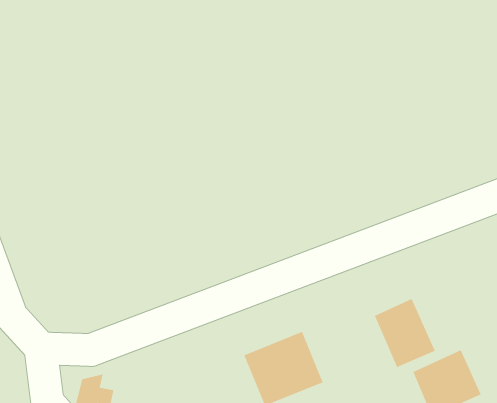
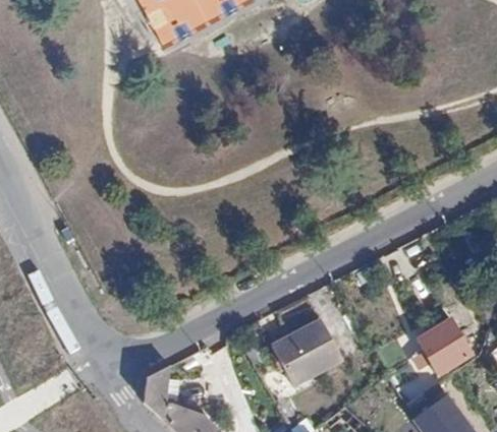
building: [374,298,435,368] -> none

